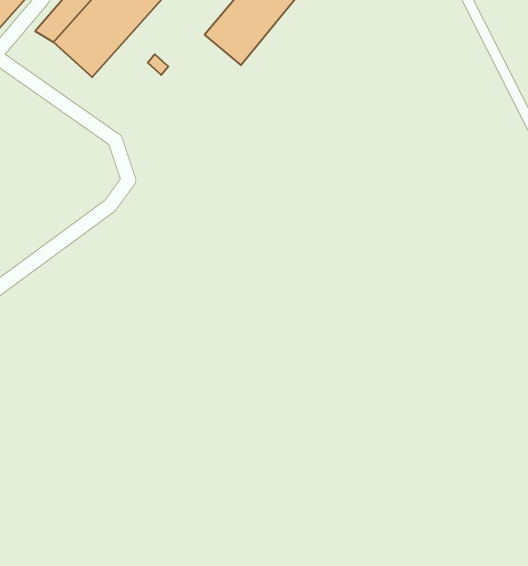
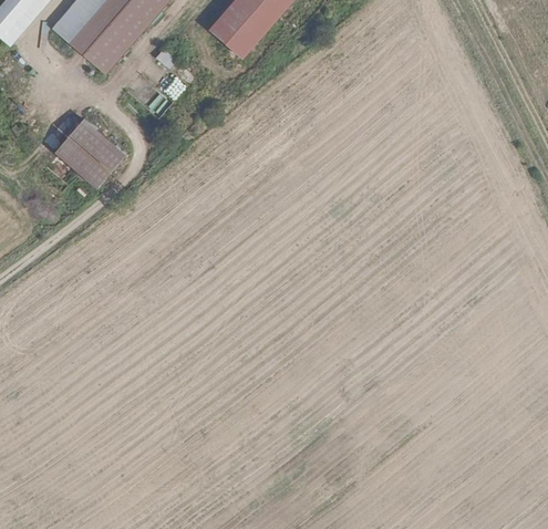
building: none -> [52,116,124,190]

